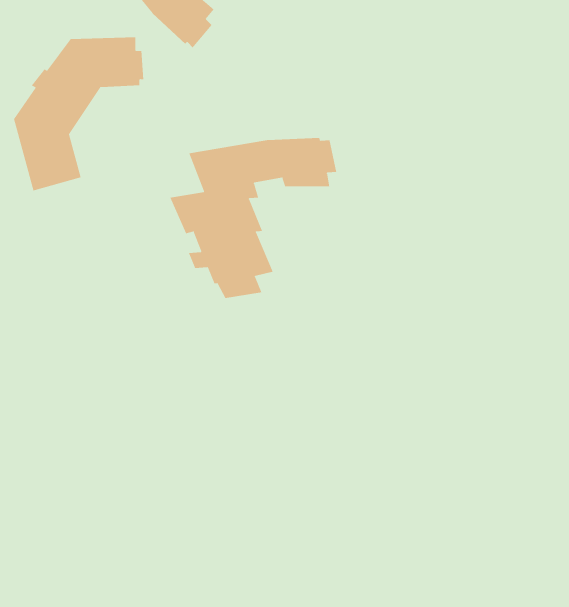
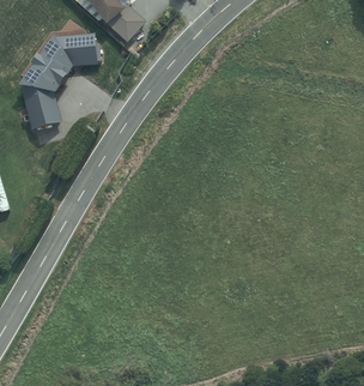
building: [170,137,337,299] -> none

